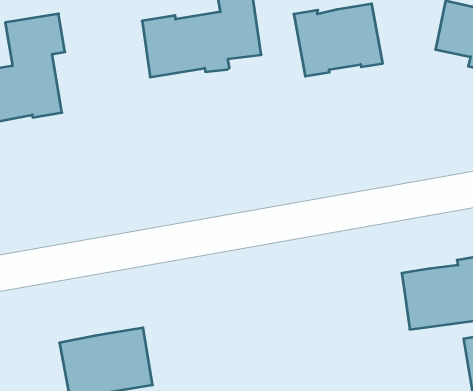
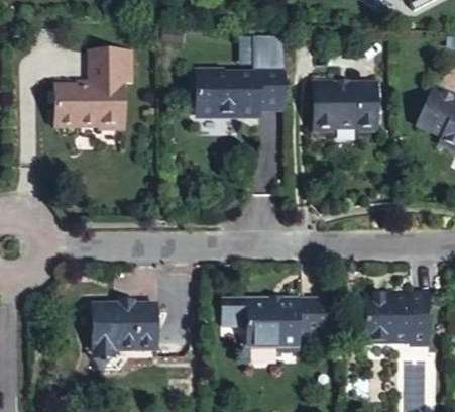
building: none -> [221,300,328,351]

